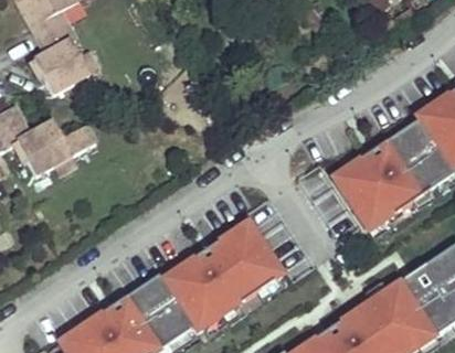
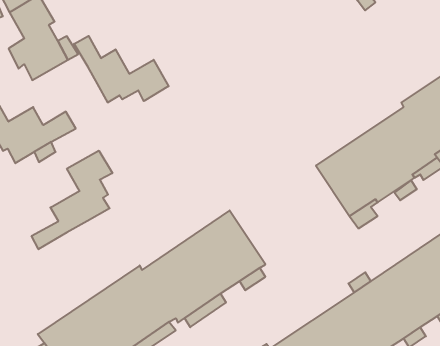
building: none -> [74,36,169,103]
building: none -> [32,151,112,249]

